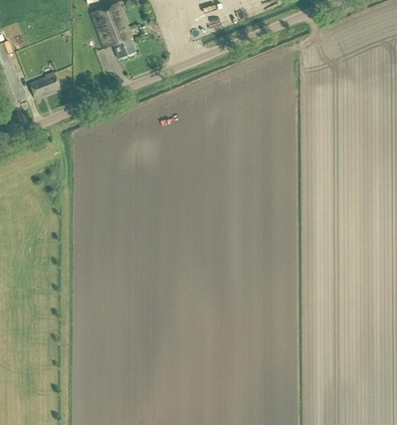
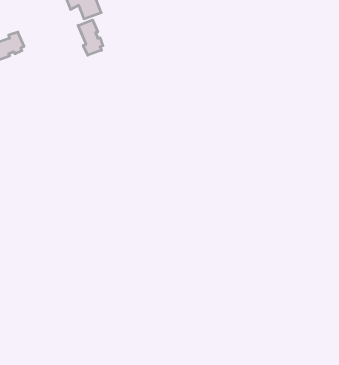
building: none -> [78,20,103,55]

